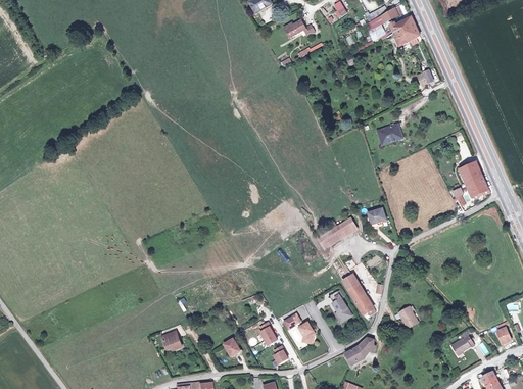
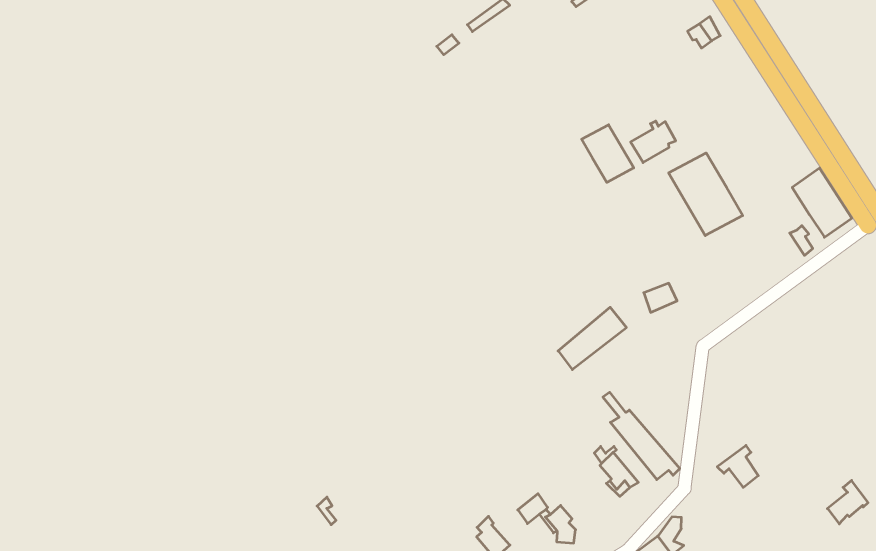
building: none -> [582,125,634,182]
building: none -> [669,153,743,236]

